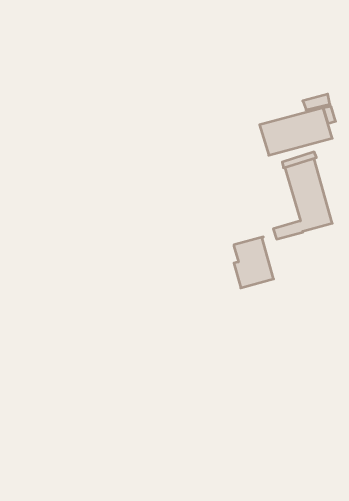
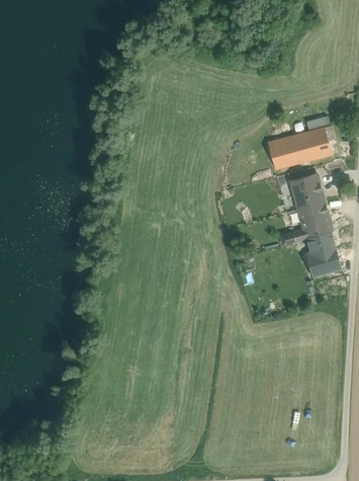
building: [234,237,274,288] -> [306,231,342,276]

